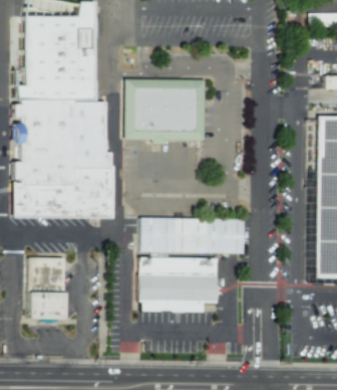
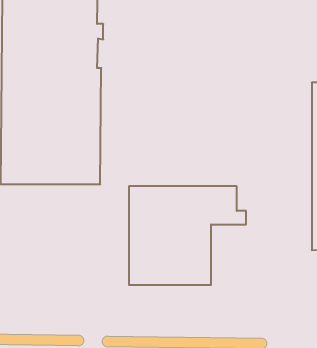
building: [128,80,207,150] -> none
building: [28,259,64,324] -> none

